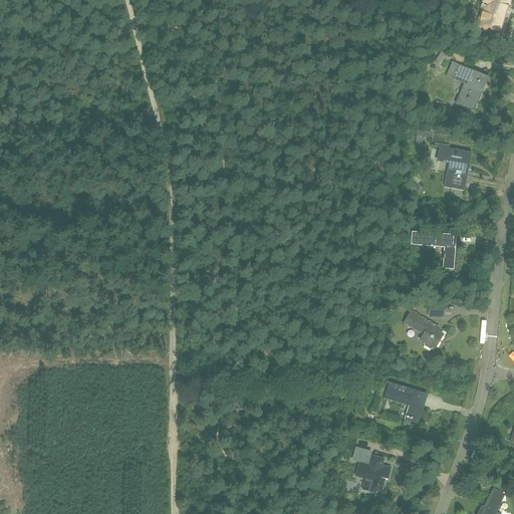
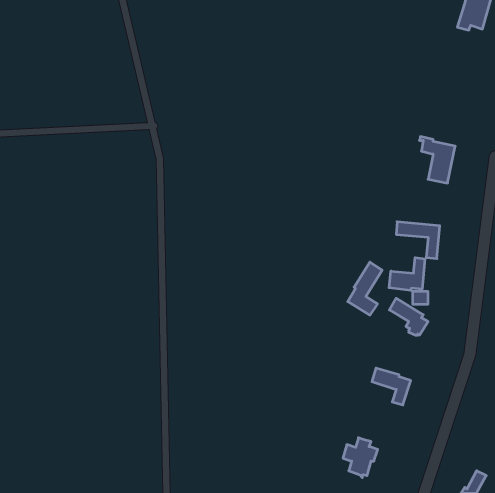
building: [446,60,489,109] -> none
building: none -> [389,258,425,290]
building: none -> [348,262,382,315]

